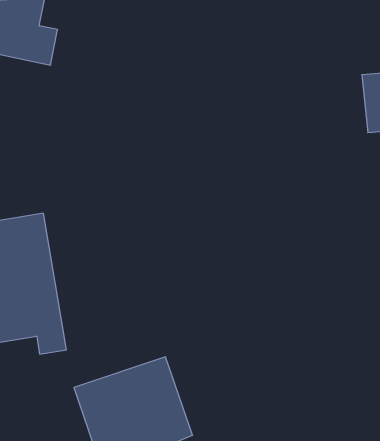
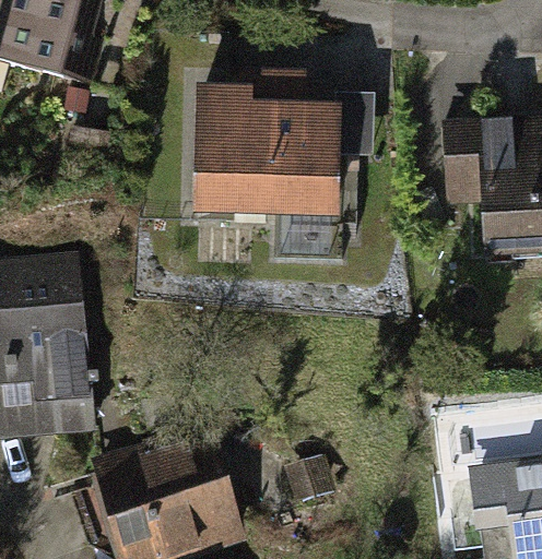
building: none -> [199,81,338,206]

